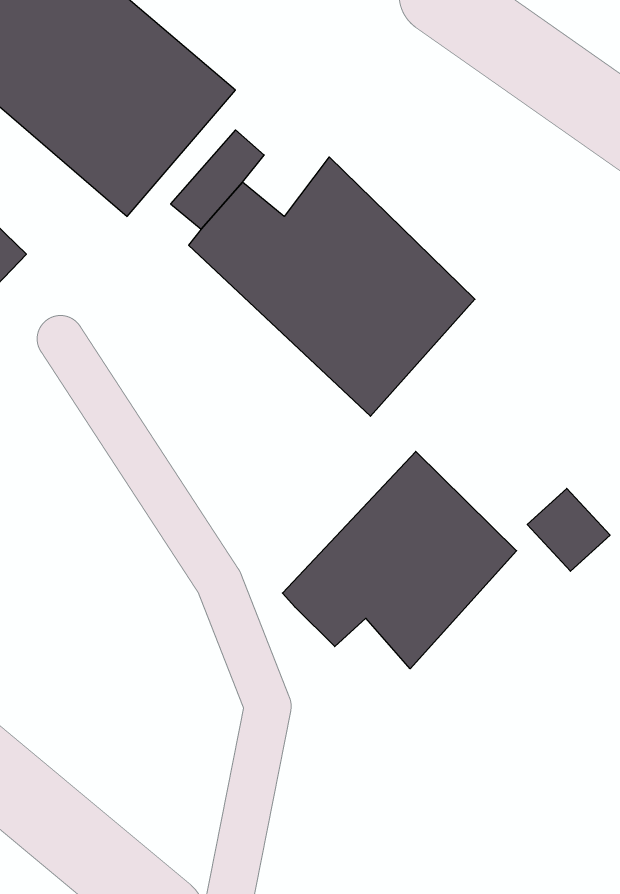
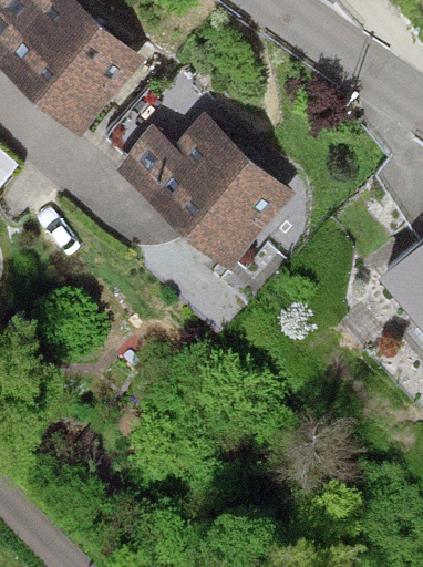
building: [282,451,517,669] -> none

